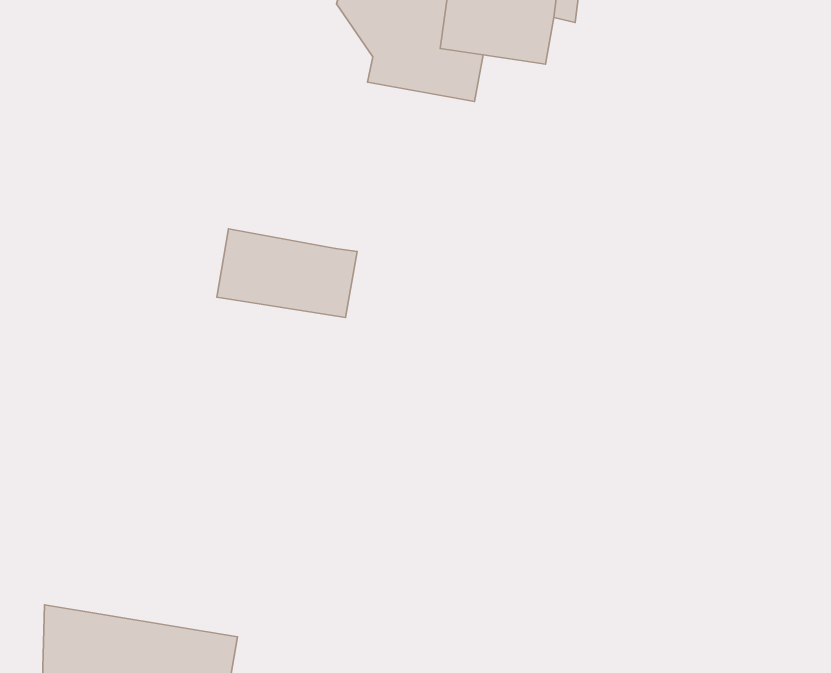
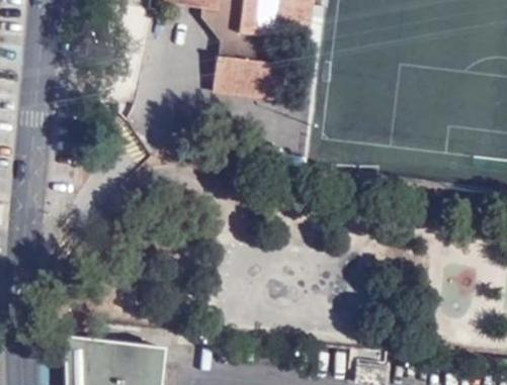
building: [217,229,357,318] -> [213,57,283,99]

